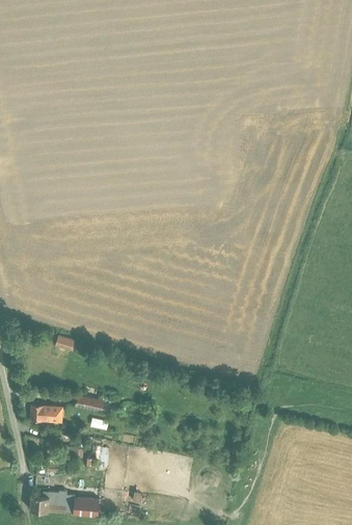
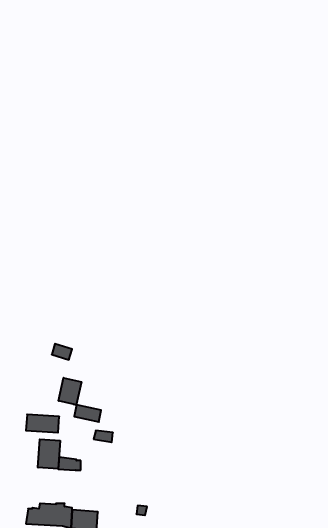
building: none -> [59,378,81,405]
building: none -> [38,439,60,469]

